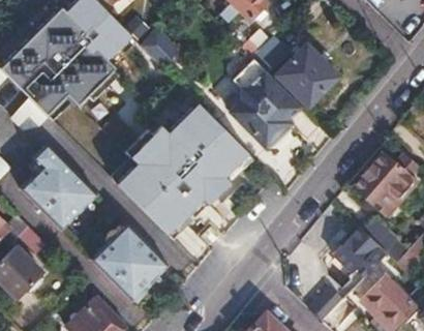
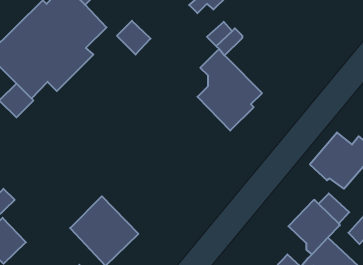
building: [283,47,338,103] -> none
building: [116,102,247,235] -> none
building: [21,142,94,228] -> none

